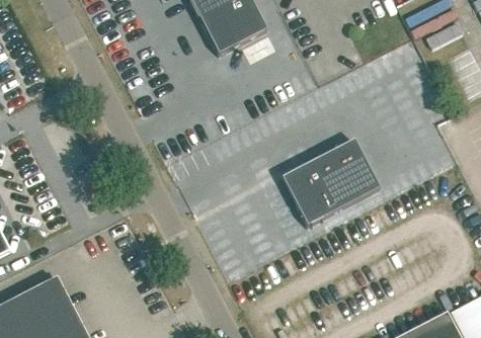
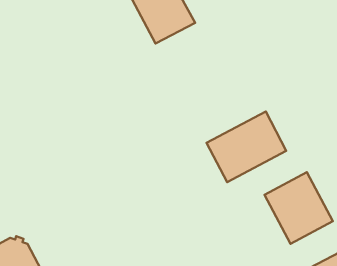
building: none -> [264,172,333,244]

